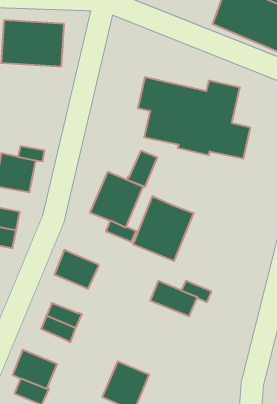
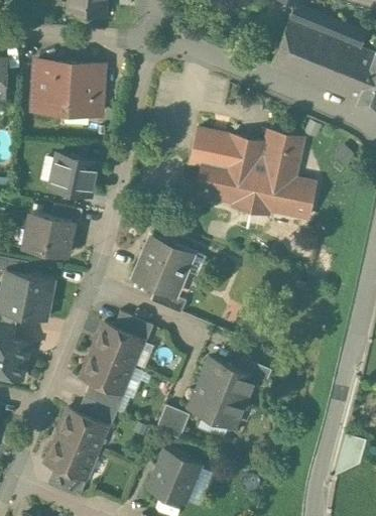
building: none -> [52,156,97,196]
building: [127,151,157,187] -> none
building: [133,196,194,261] -> none
building: none -> [113,312,153,343]
building: none -> [81,352,131,396]
building: none -> [189,381,246,429]
building: none -> [155,406,190,439]
building: none -> [56,409,107,454]

